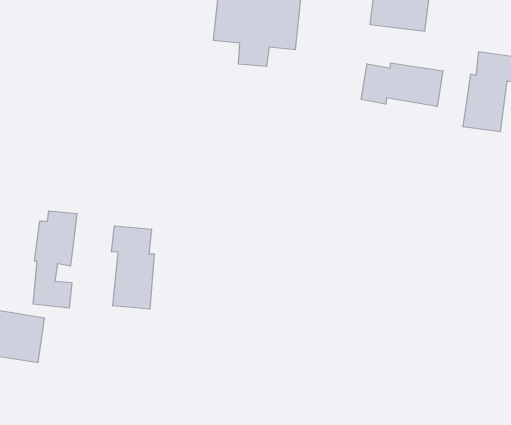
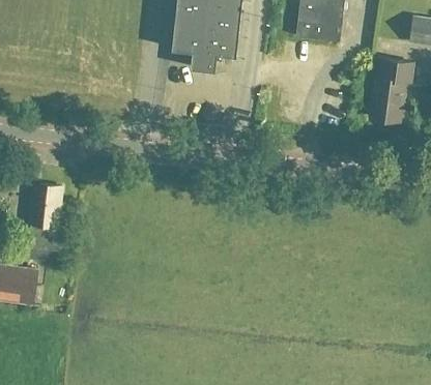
building: [361,63,443,107] -> none
building: [112,226,154,309] -> none

